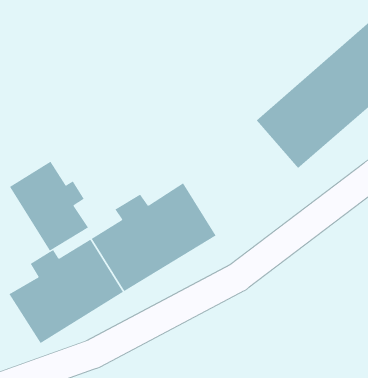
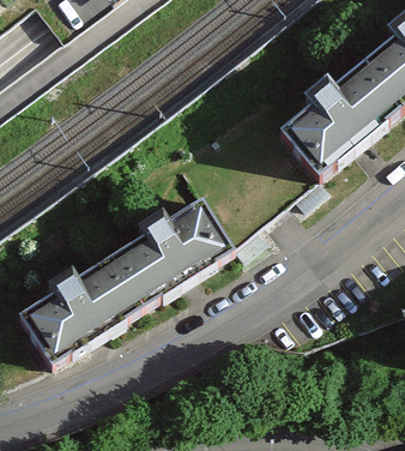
building: [9,161,89,251] -> none

